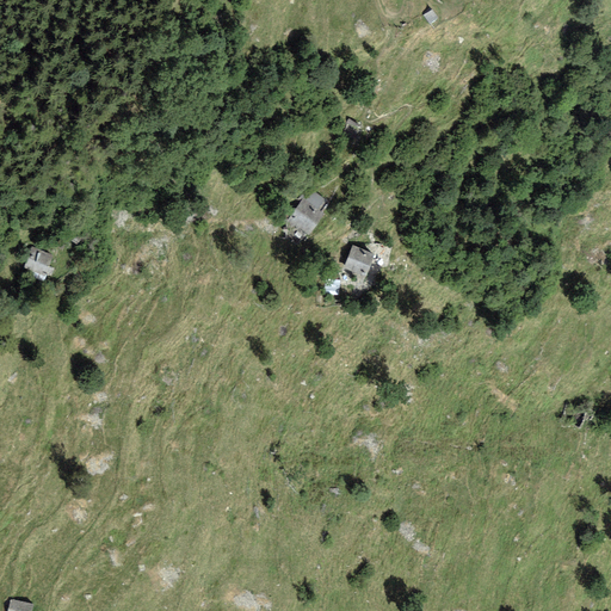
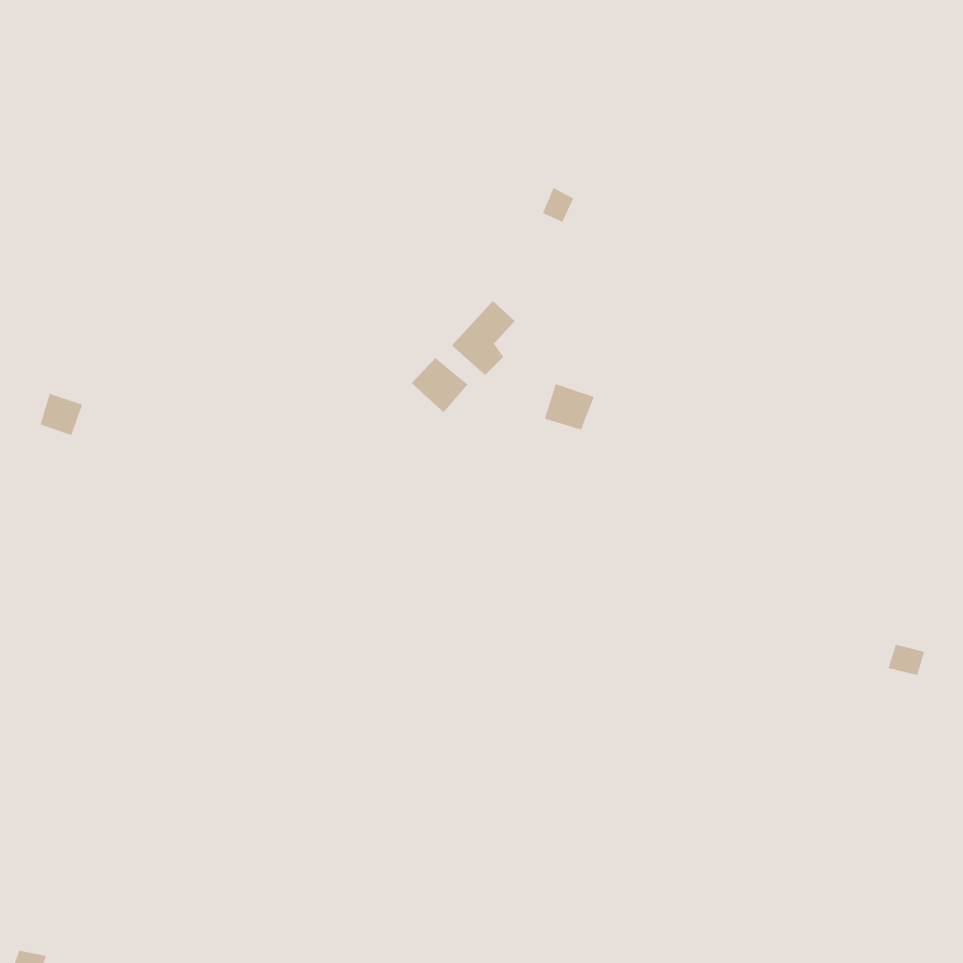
building: none -> [411,357,469,413]

